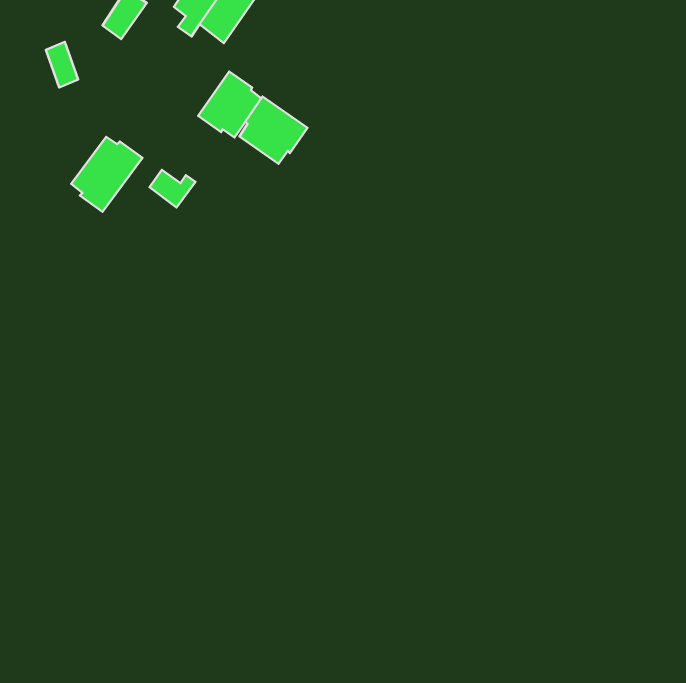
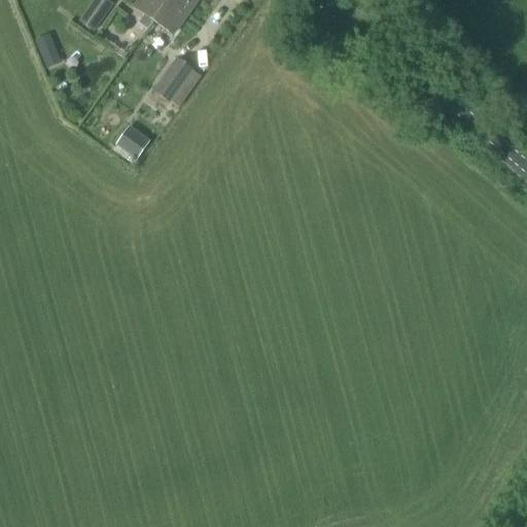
building: [239,97,307,164] -> none
building: [71,137,142,212] -> none

